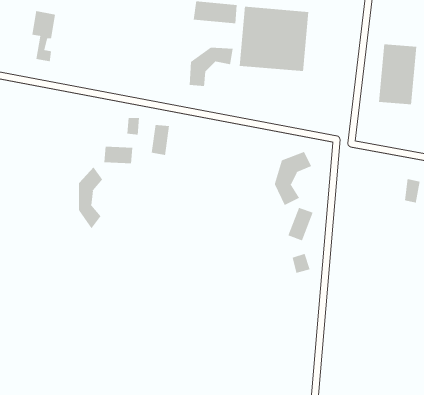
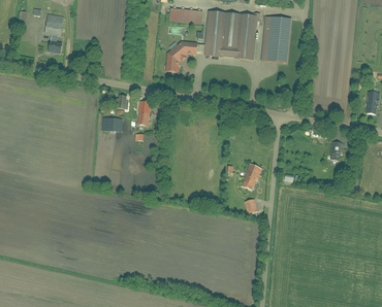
building: [378,44,417,105] -> [261,16,291,63]
building: [274,151,312,206] -> none
building: [78,166,103,229] -> none

